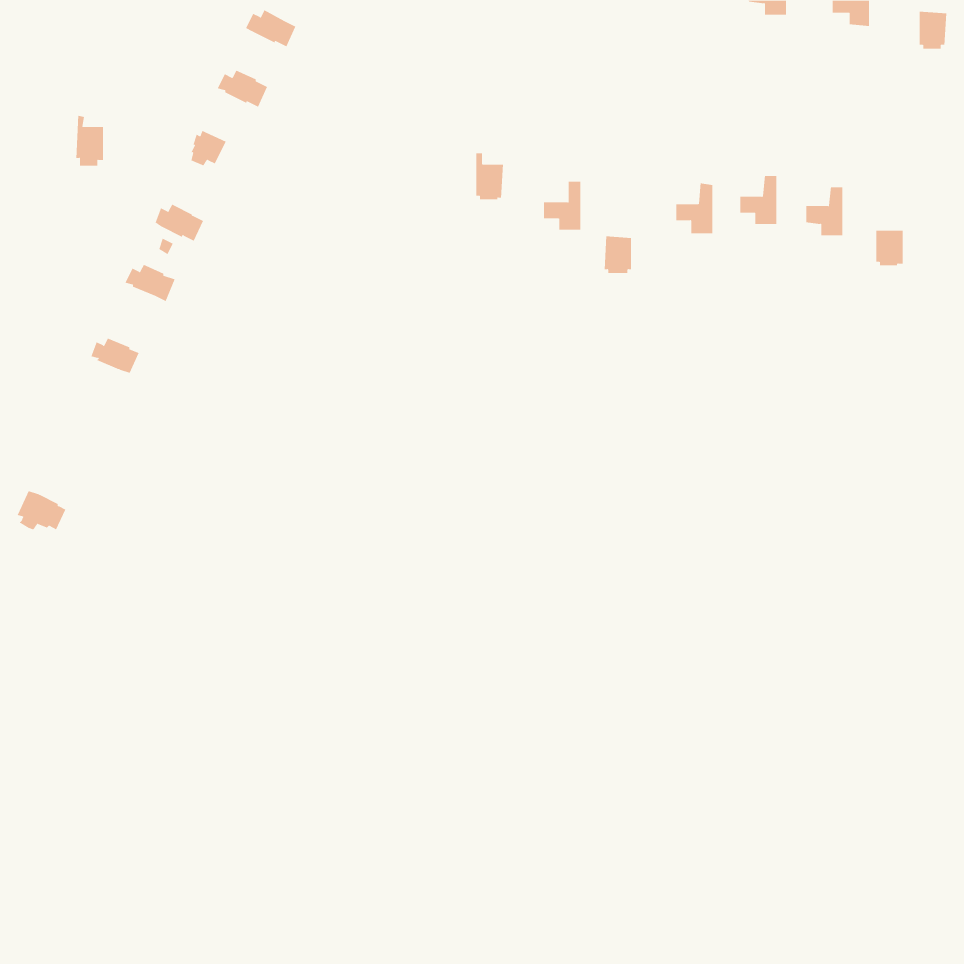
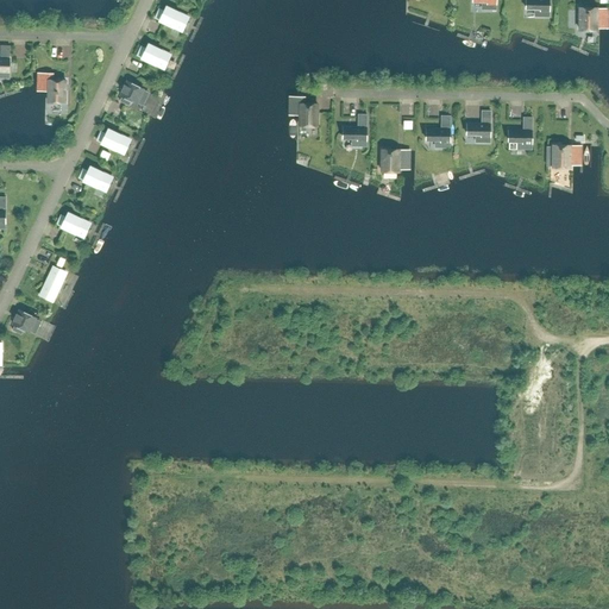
building: none -> [39,266,65,301]

